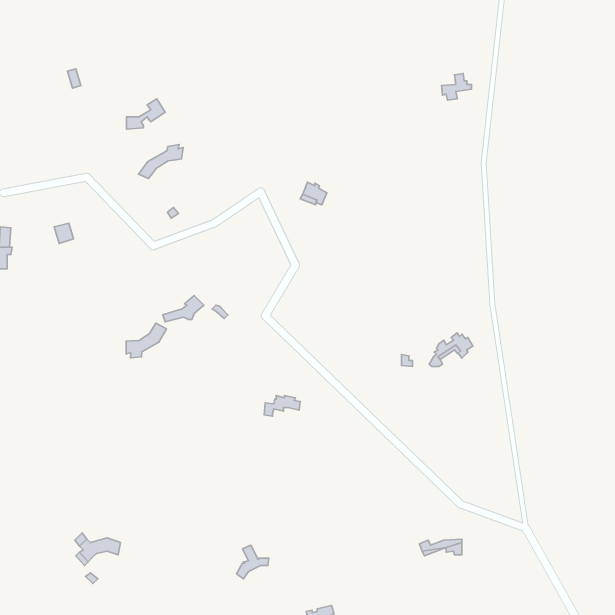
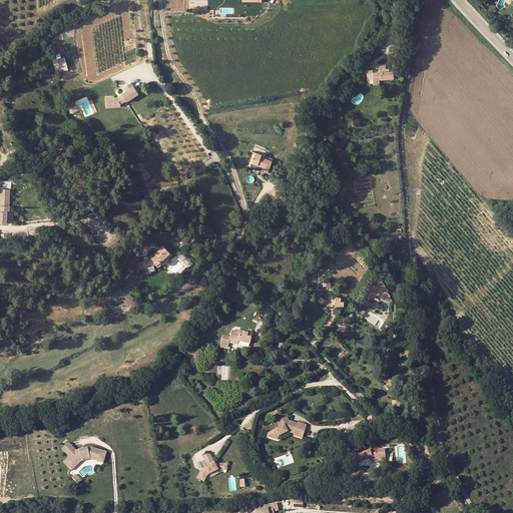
building: [139,144,183,178] -> none
building: [126,323,166,358] -> none
building: none -> [267,418,306,441]

